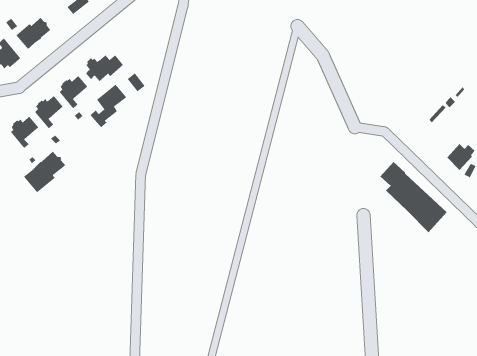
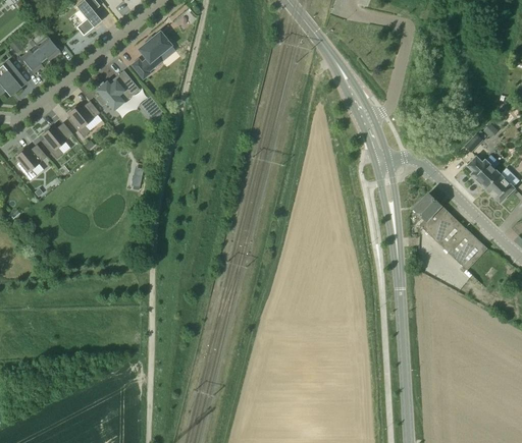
building: [90,84,127,128] -> [130,32,171,79]
building: none -> [468,155,501,189]
building: [23,151,66,193] -> none

